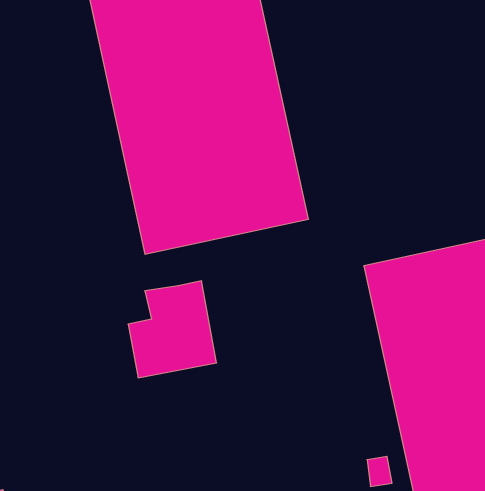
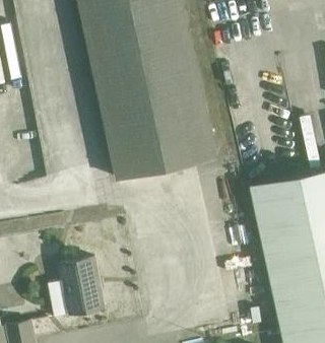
building: [128,281,217,378] -> [50,260,104,319]

